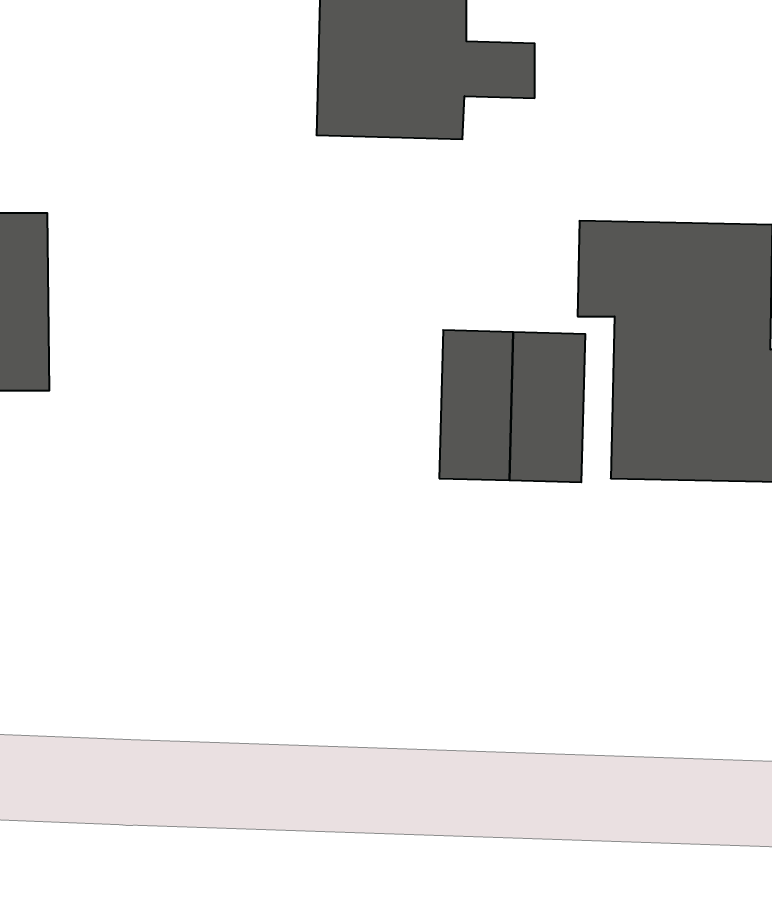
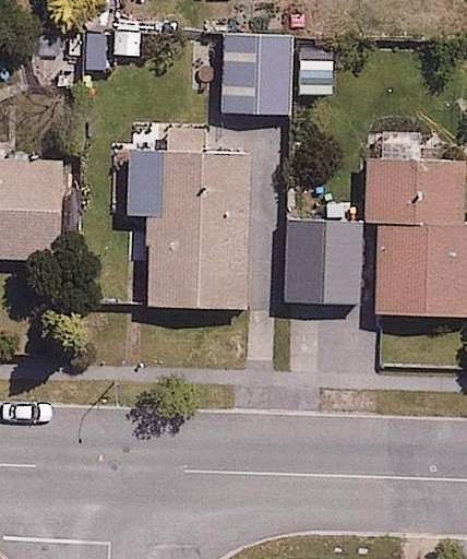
building: none -> [148,154,252,306]

